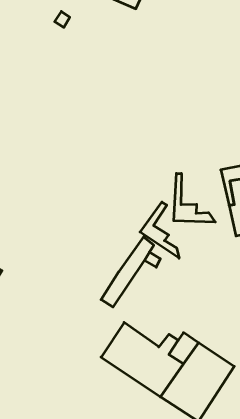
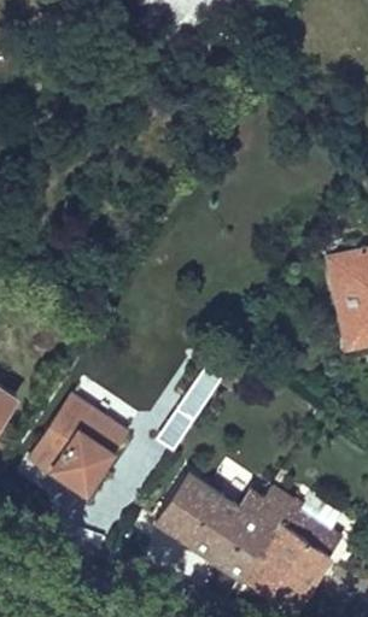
building: [174,173,215,222] -> none
building: [140,202,179,258] -> none
building: none -> [31,396,128,495]

